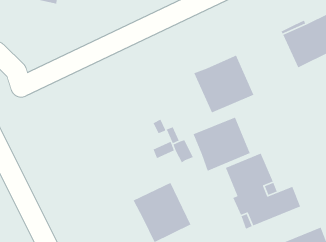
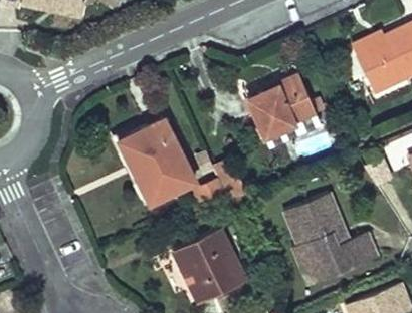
building: none -> [118,117,195,203]
building: [193,116,251,172] -> none

